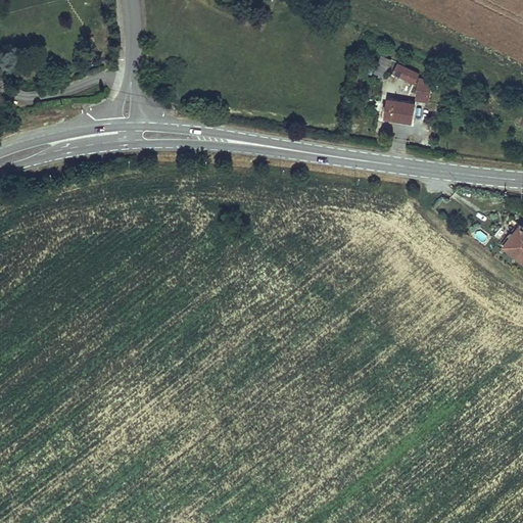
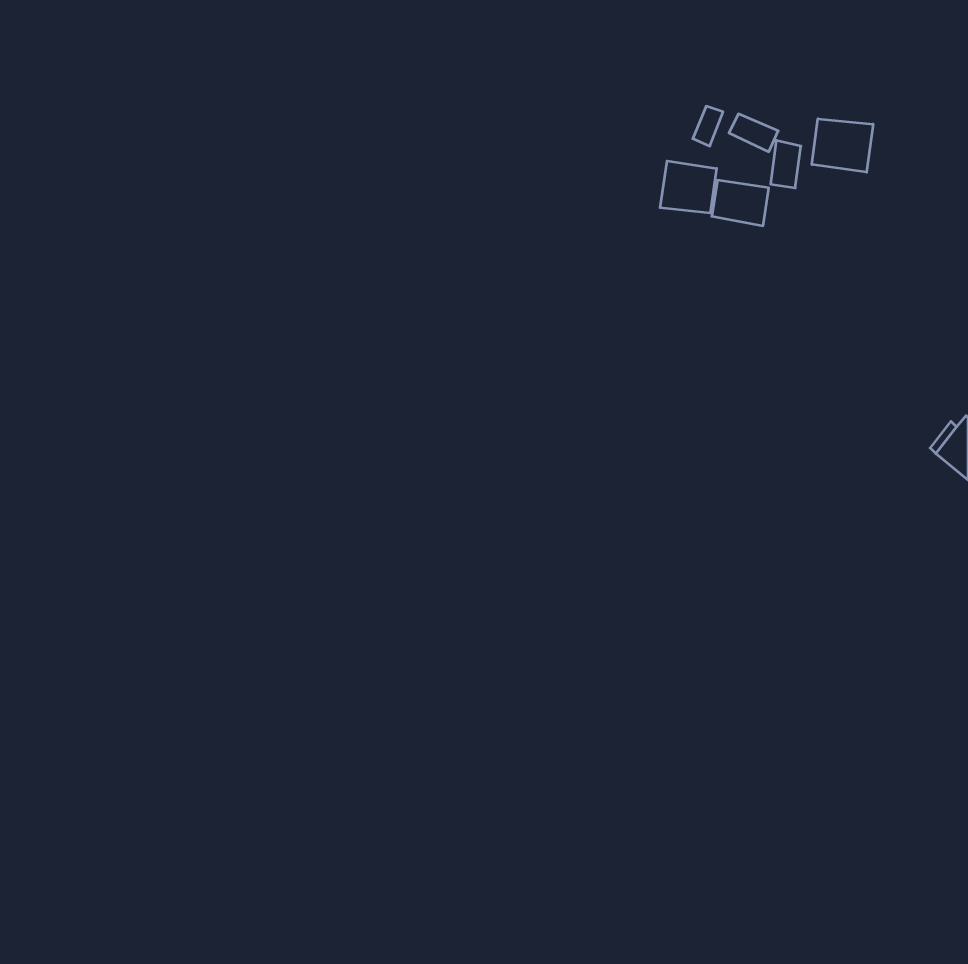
building: none -> [812,119,873,172]
building: none -> [660,161,717,213]

